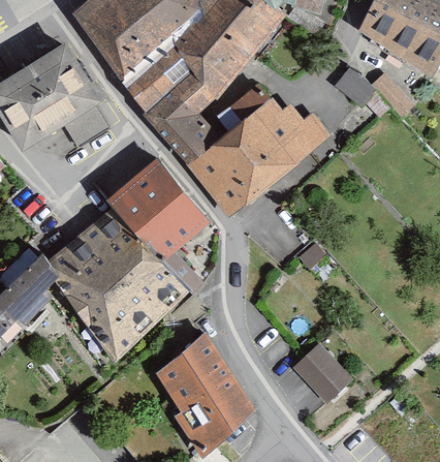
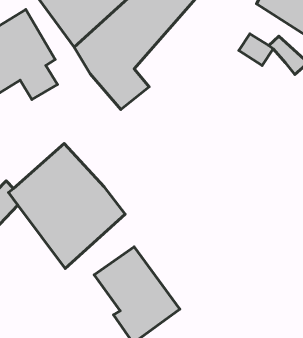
building: [185,93,328,215] -> none
building: [108,157,208,258] -> none
building: [291,347,352,407] -> none

